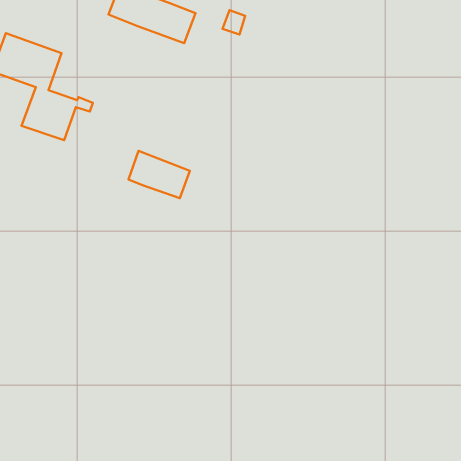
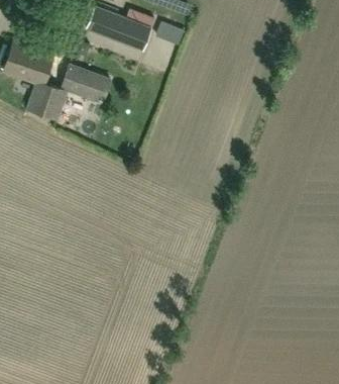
building: [128,151,190,198] -> [66,68,109,101]

